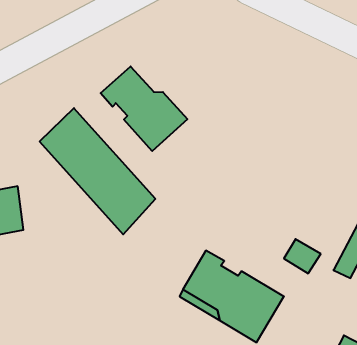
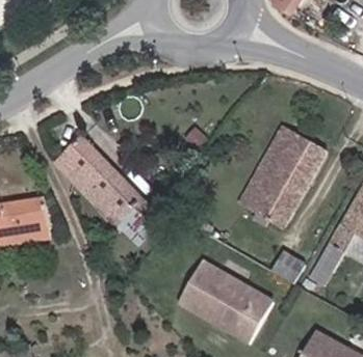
building: [101,66,187,151] -> none
building: none -> [239,127,322,226]

